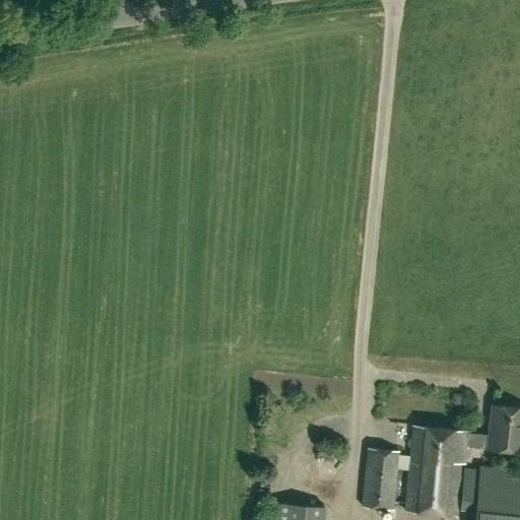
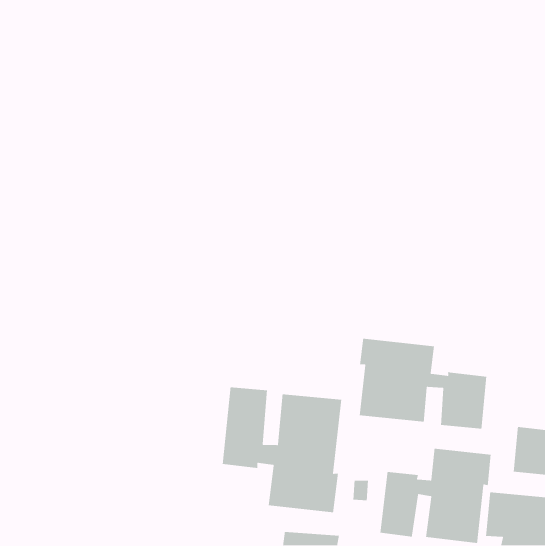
building: none -> [359,338,487,430]
building: none -> [222,386,342,513]

